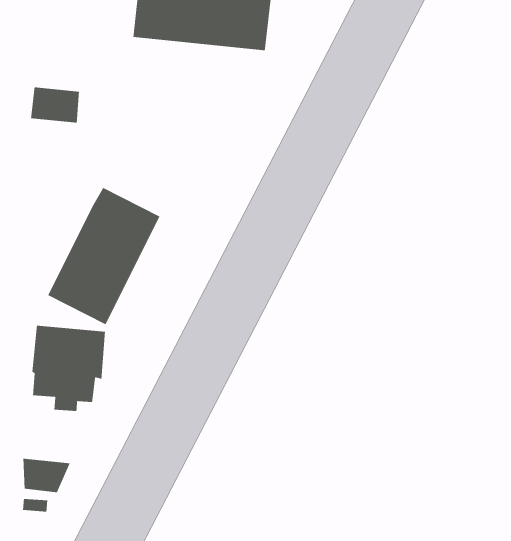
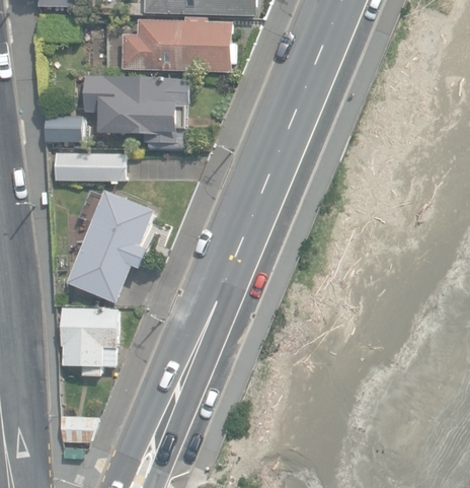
building: none -> [81,76,187,149]
building: none -> [53,152,124,180]

